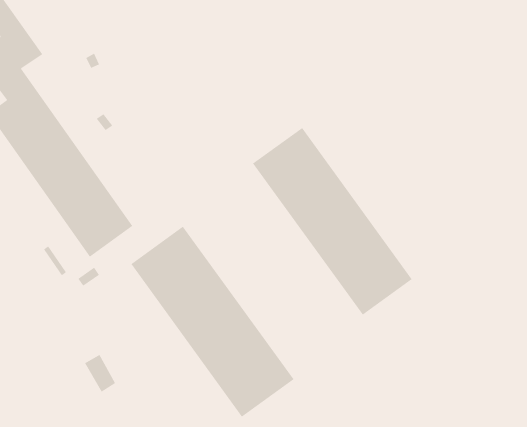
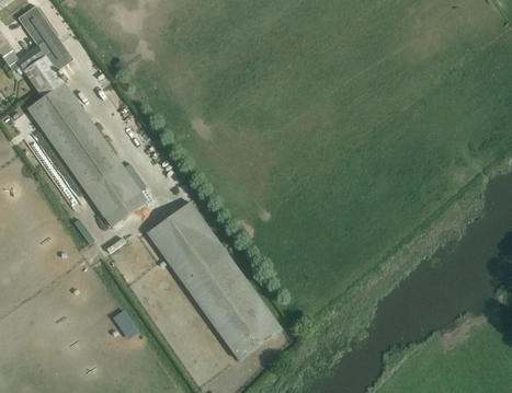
building: [252,127,413,316] -> none

